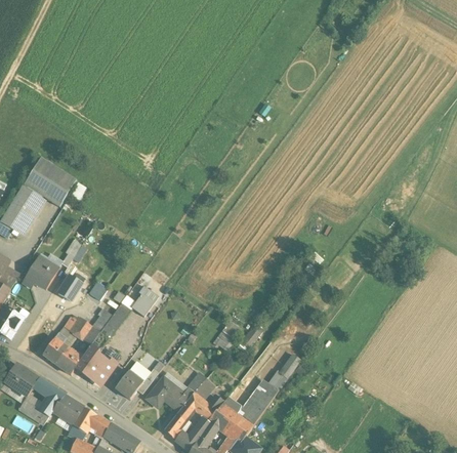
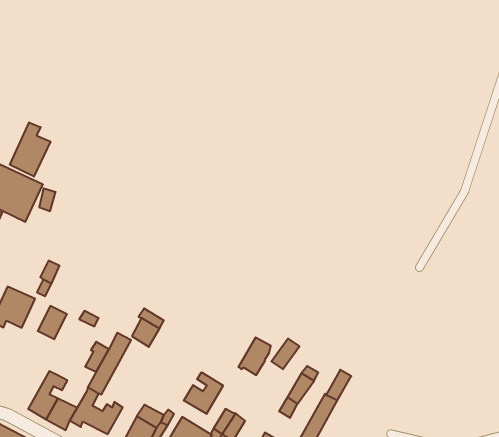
building: none -> [10,122,50,177]
building: [70,317,100,345] -> none
building: none -> [184,372,223,414]

